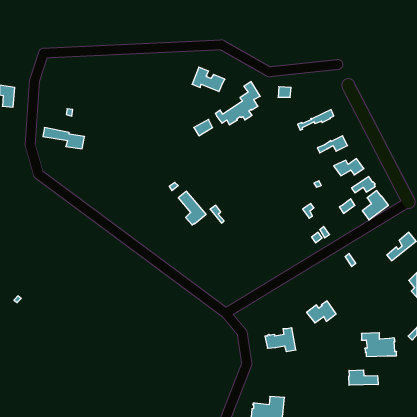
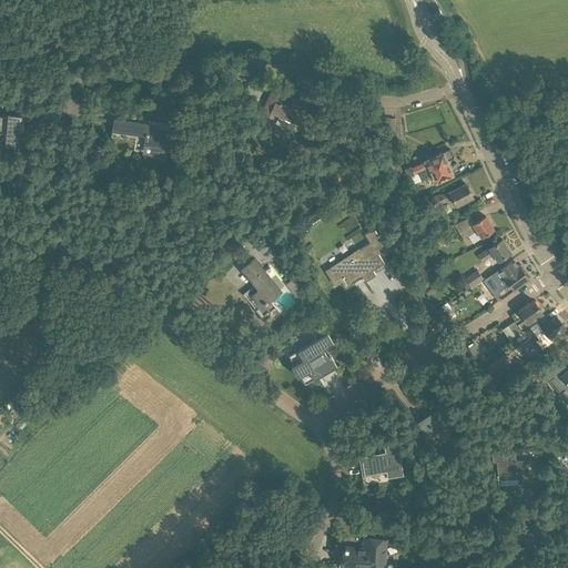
building: [215,82,260,125] -> [325,230,386,288]
building: none -> [410,162,459,184]
building: [43,128,85,149] -> [111,120,168,149]
building: none -> [507,302,541,337]
building: none -> [287,334,335,384]
building: [349,370,378,385] -> none

